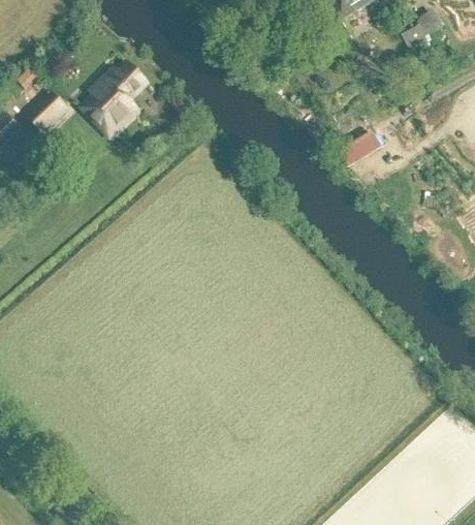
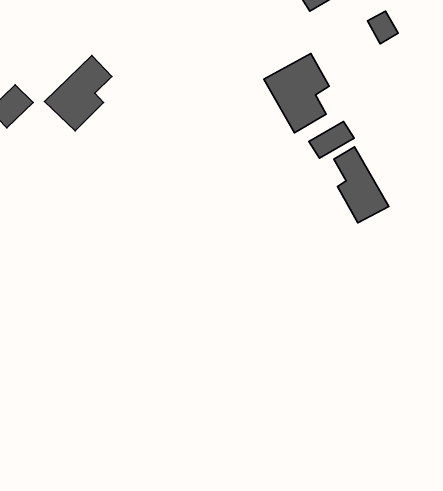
building: none -> [264,54,329,133]
building: none -> [334,147,389,223]

